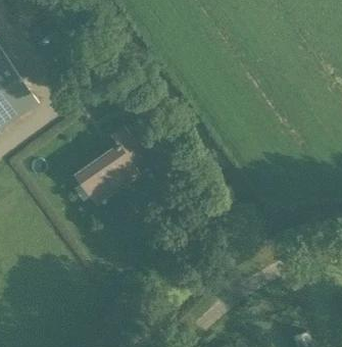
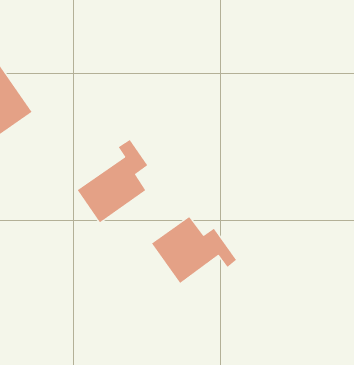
building: none -> [151,216,237,284]

